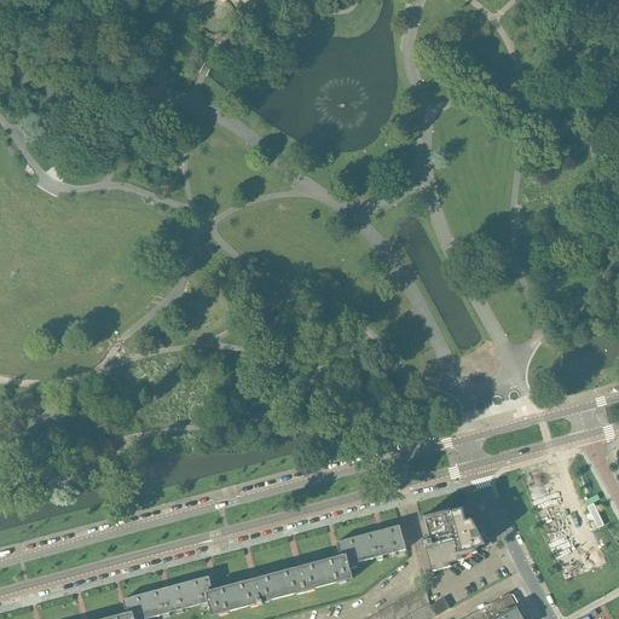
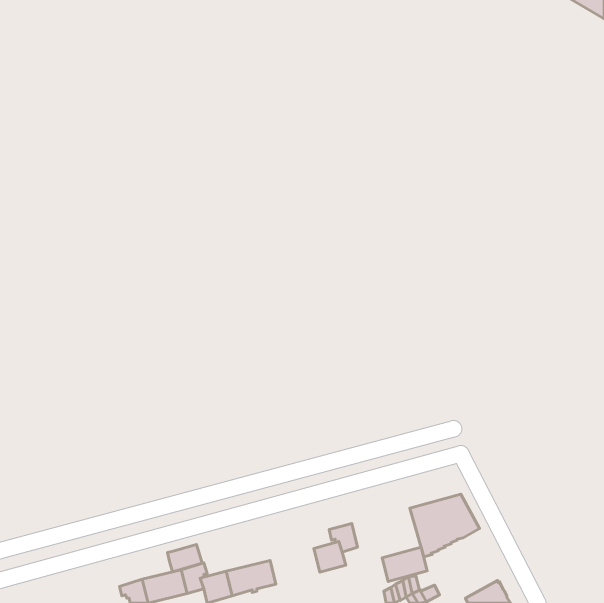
building: [359,523,405,559] -> [382,547,427,582]
building: none -> [168,545,202,572]
building: [276,560,326,596] -> none

